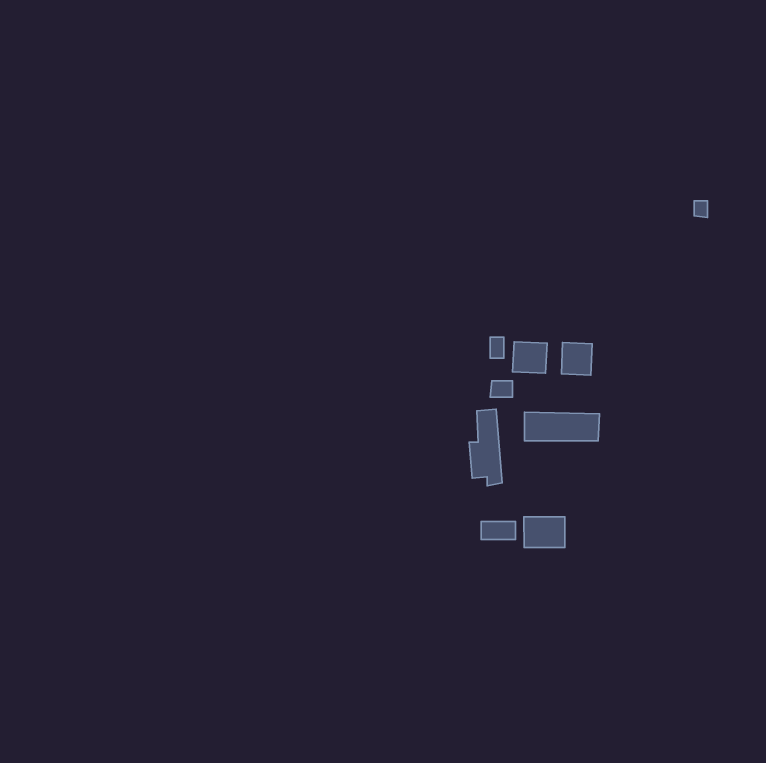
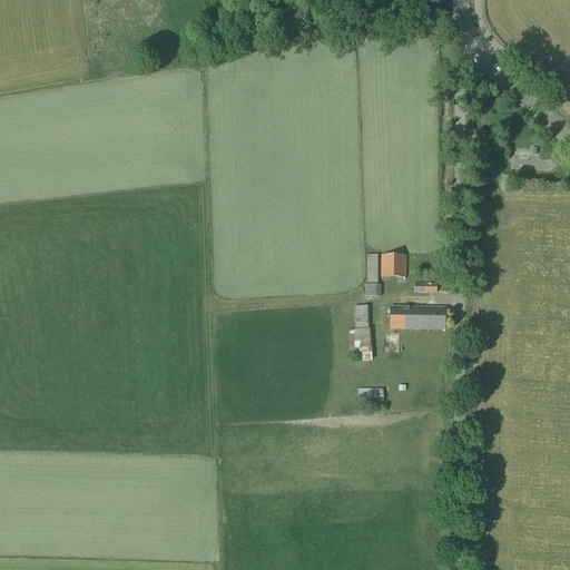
building: [561,343,592,375] -> none
building: [524,517,565,548] -> none

